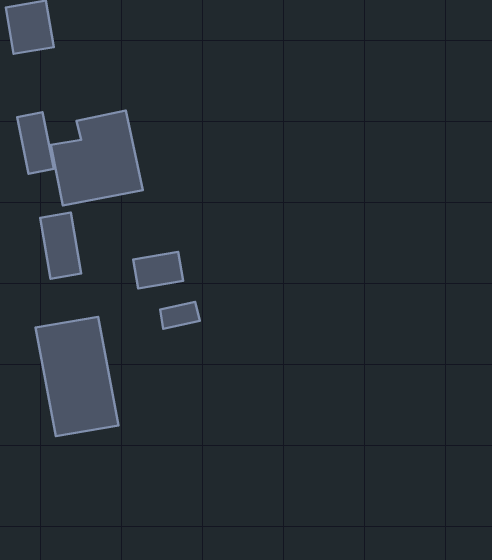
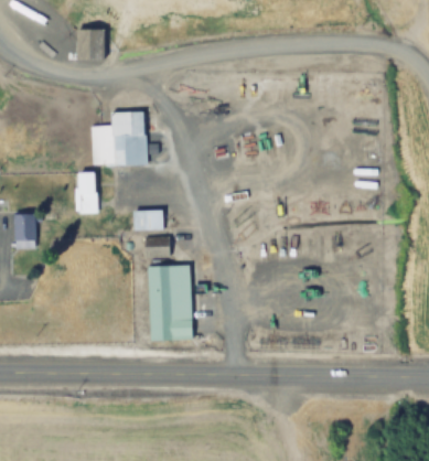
building: [17,112,54,174] -> none
building: [36,317,118,436] -> [149,265,193,340]

